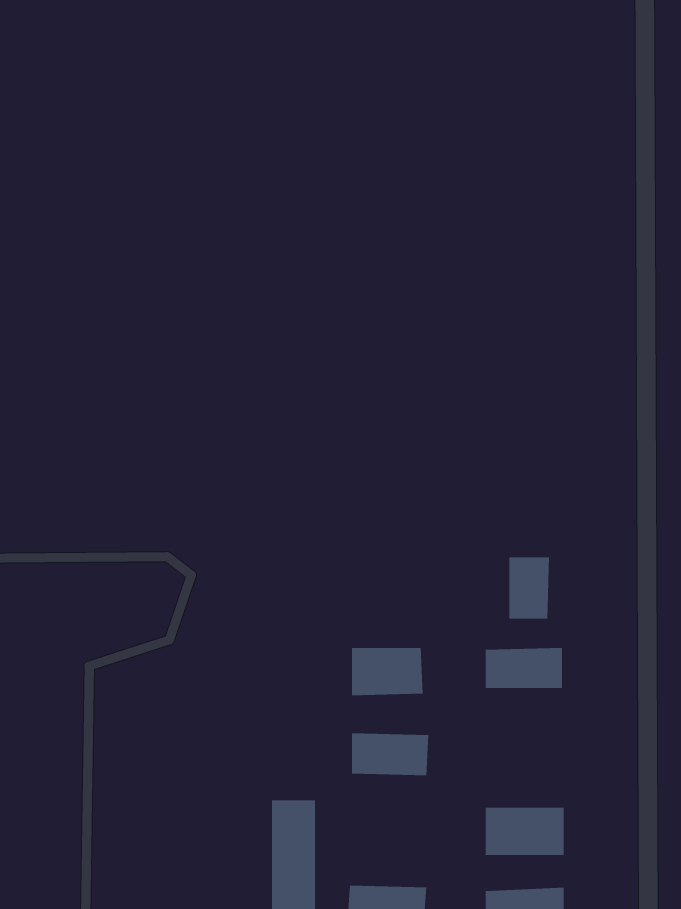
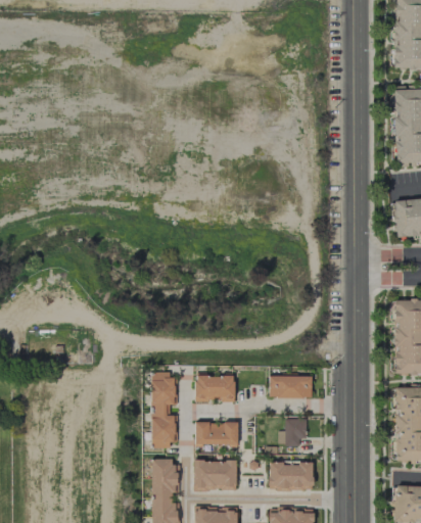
building: [509,557,550,620] -> none
building: none -> [151,373,174,446]
building: none -> [285,418,307,446]
building: none -> [193,460,236,490]

